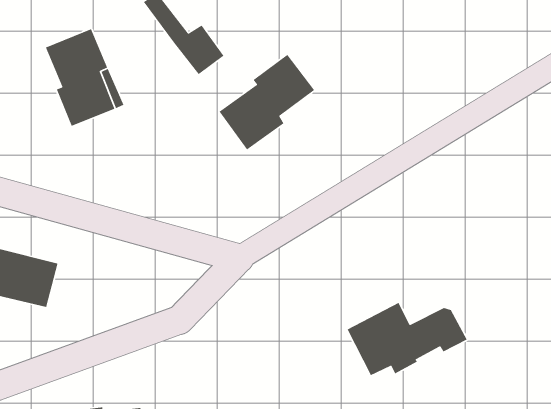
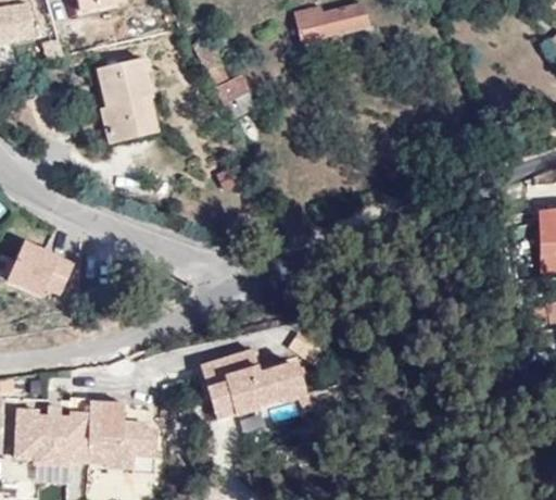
building: [219,54,315,150] -> none
building: [347,302,468,376] -> [203,349,309,413]

